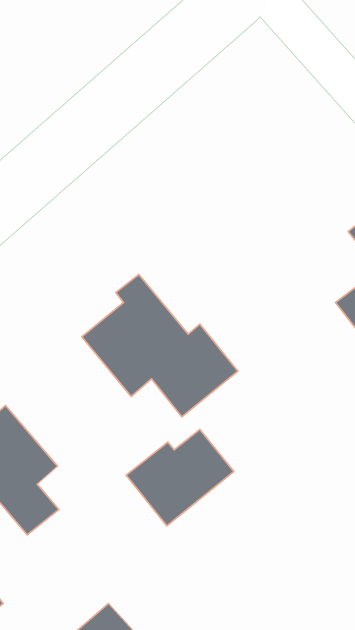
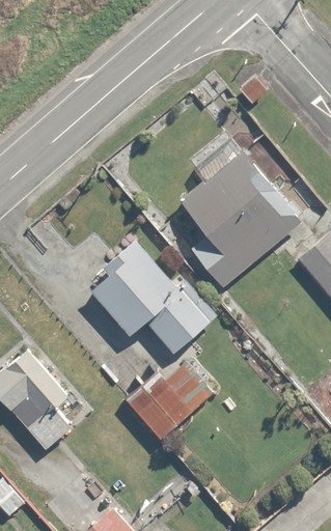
building: none -> [180,149,300,287]

